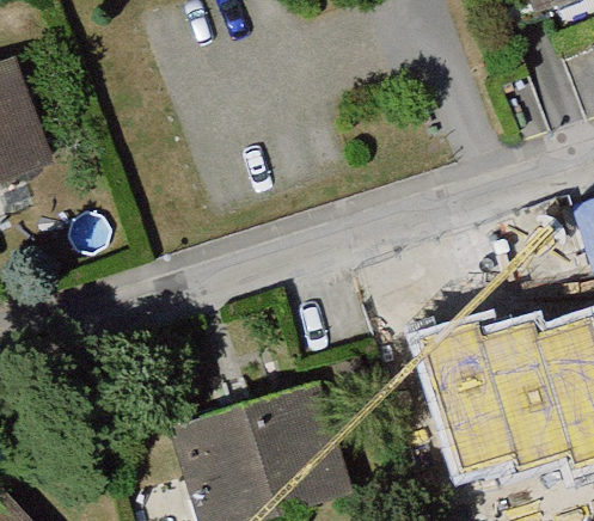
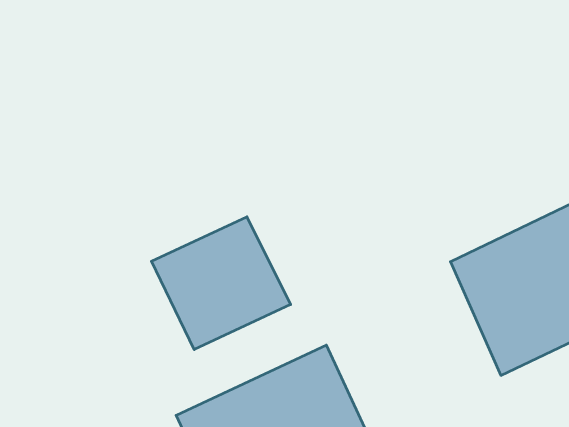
building: none -> [151,217,291,350]

